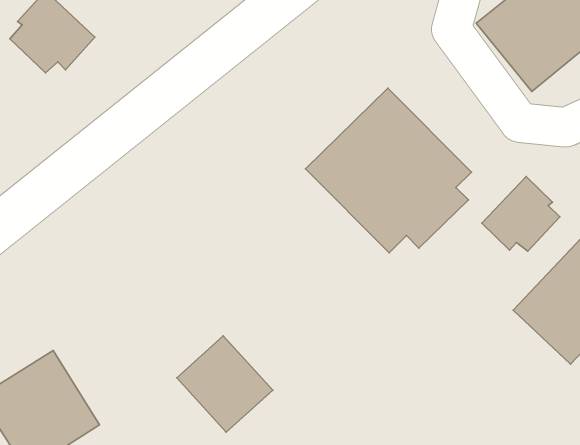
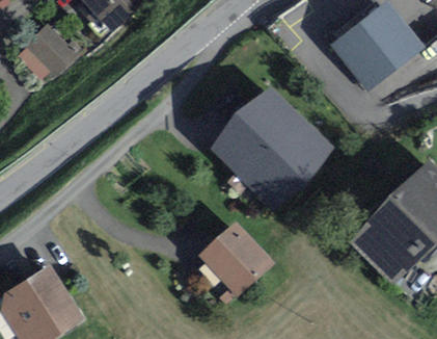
building: [482,176,560,251] -> none
building: [177,336,273,432] -> [203,225,268,289]

